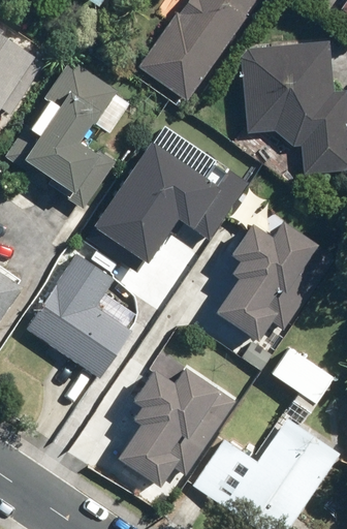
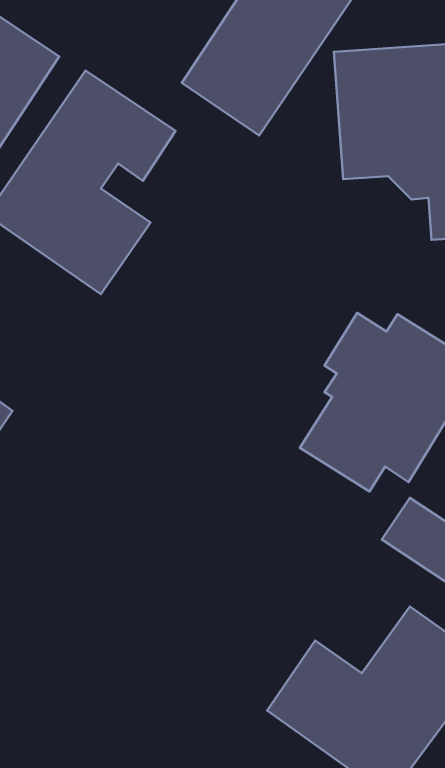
building: [95,142,250,261] -> none
building: [26,252,131,379] -> none
building: [116,353,238,488] -> none

